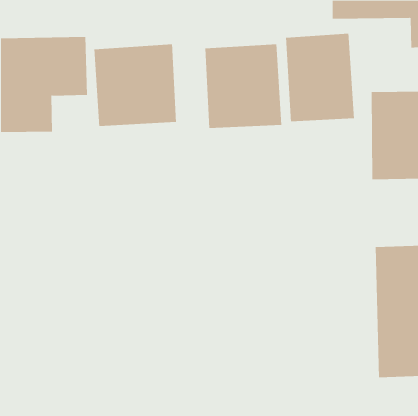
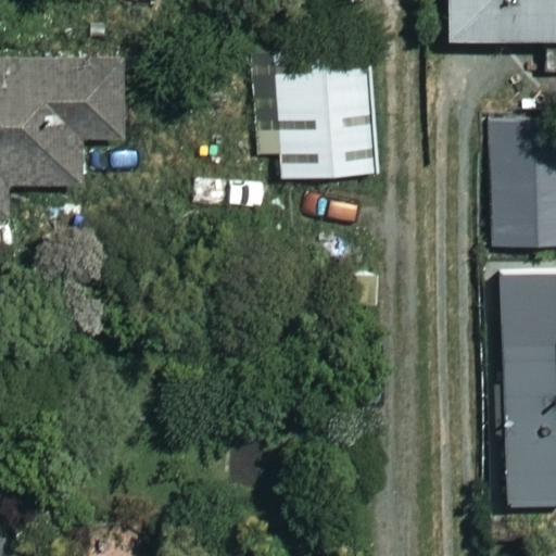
building: [286,33,354,122] -> none
building: [94,43,176,127] -> none

